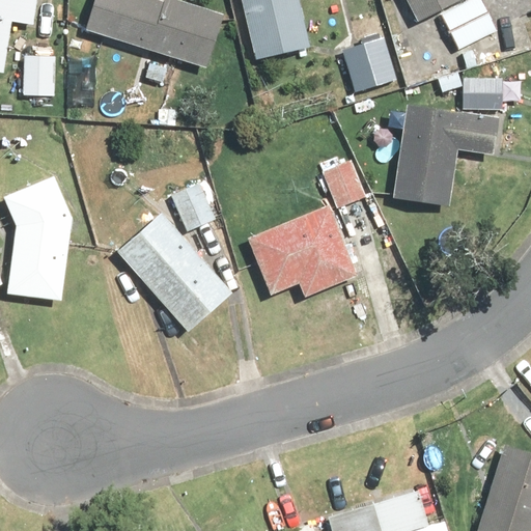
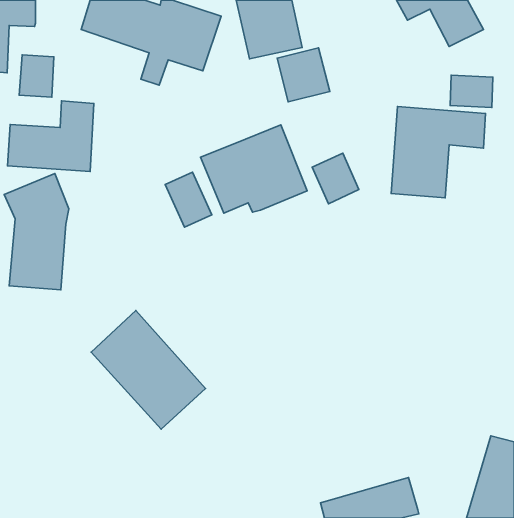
building: [341,36,395,91] -> [277,48,330,102]
building: none -> [8,101,94,171]
building: [249,206,358,297] -> [201,125,307,213]
building: [117,208,234,330] -> [91,311,206,429]

